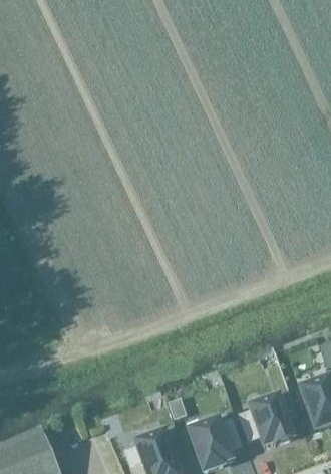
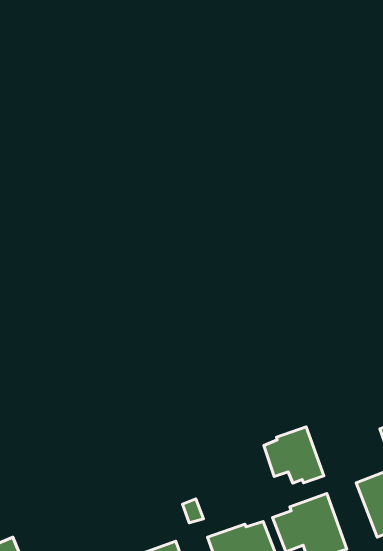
building: none -> [264,427,324,483]

